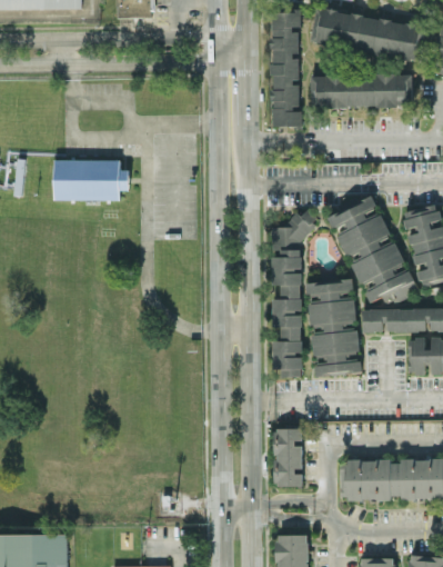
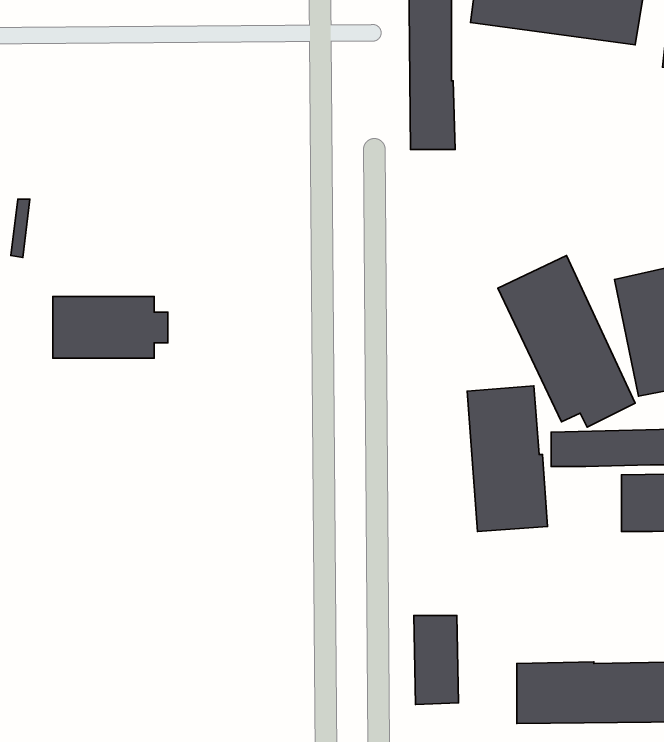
building: [311,74,412,108] -> none
building: [54,160,129,200] -> [53,297,168,358]
building: [271,213,308,377] -> none

